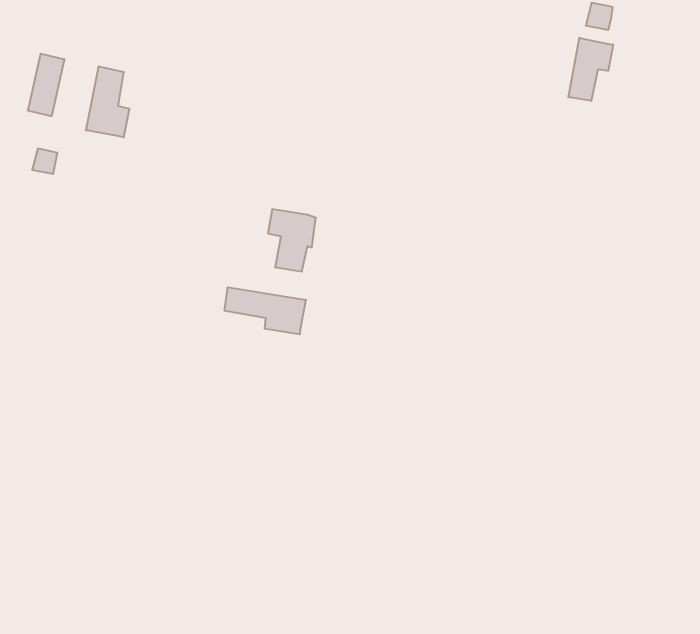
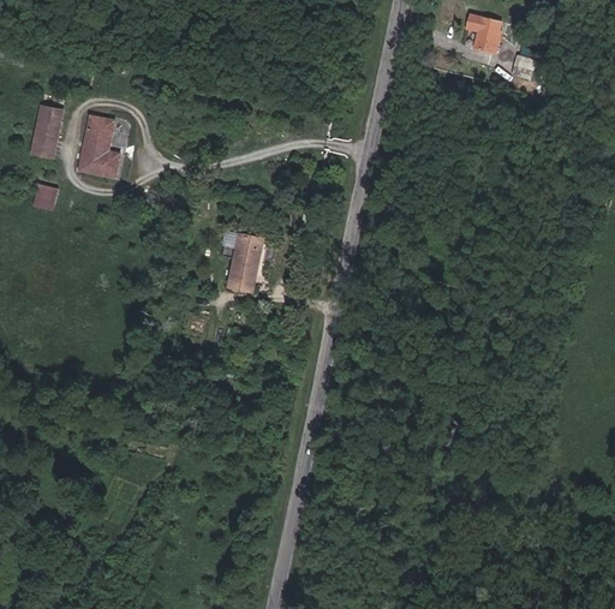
building: [568,38,613,101] -> none
building: [225,287,306,334] -> none

